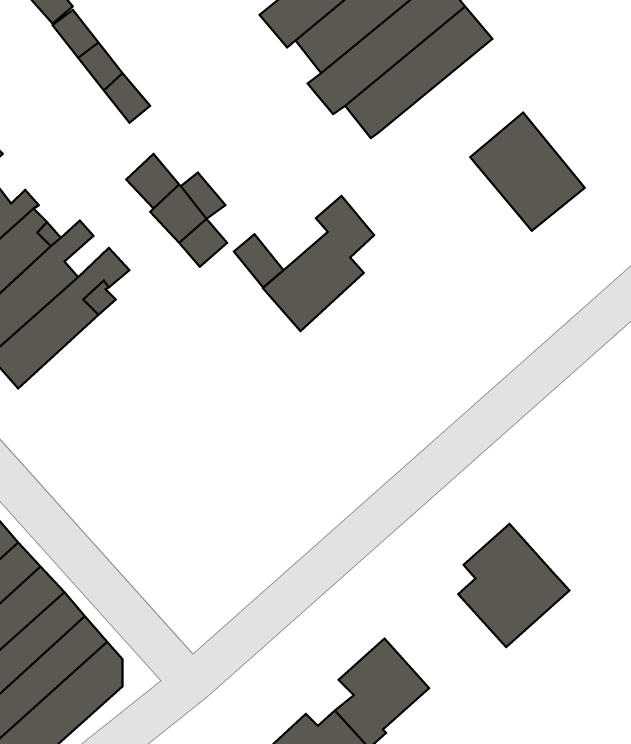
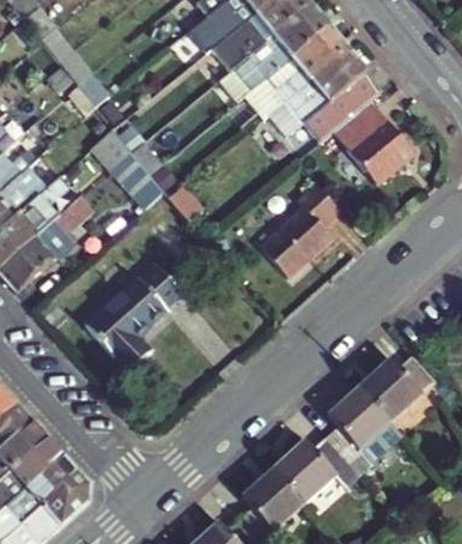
building: none -> [268,48,382,141]
building: [263,196,374,331] -> [261,182,339,277]
building: none -> [80,265,184,373]
building: none -> [360,353,434,421]
building: none -> [273,436,358,502]

